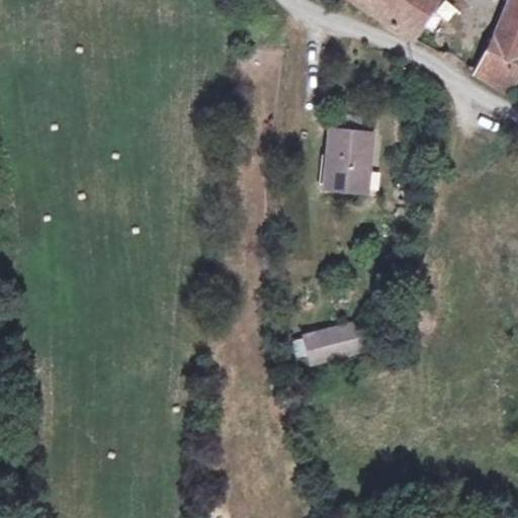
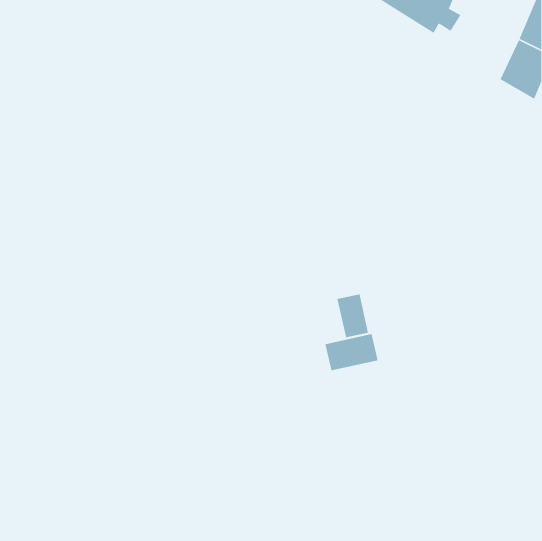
building: [325,132,372,192] -> none
building: none -> [337,293,369,338]

